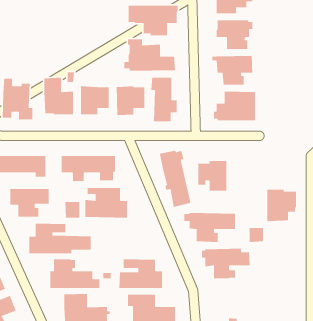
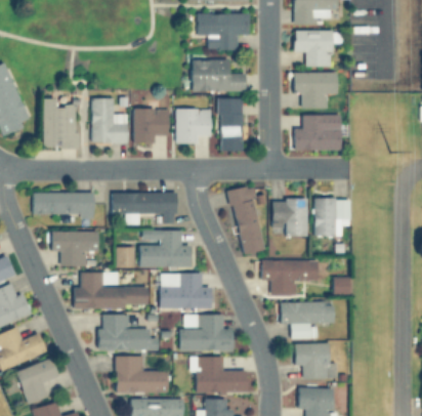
building: [266,189,297,222] -> [314,197,350,236]
building: none -> [160,273,211,307]
building: none -> [295,342,338,379]

